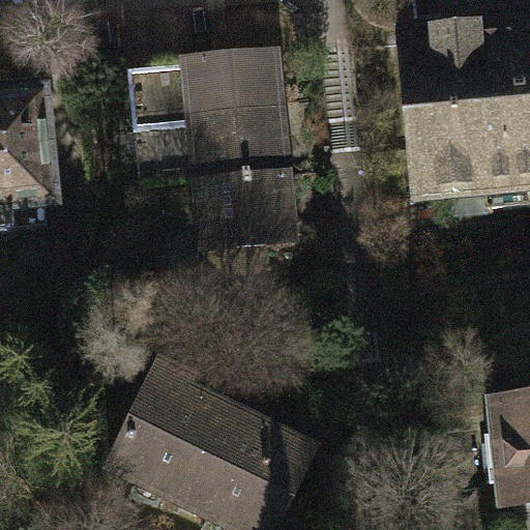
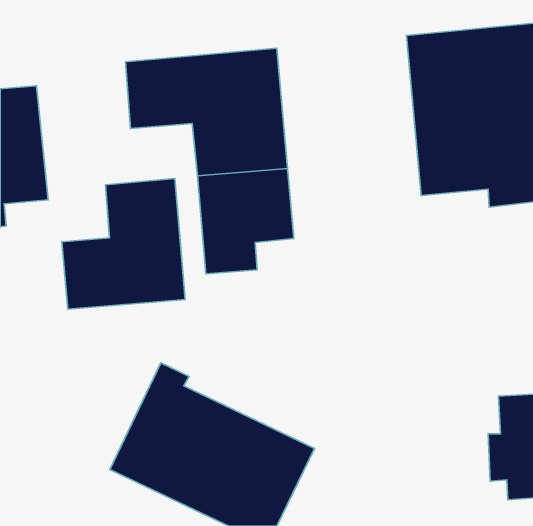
building: none -> [62,179,185,309]

